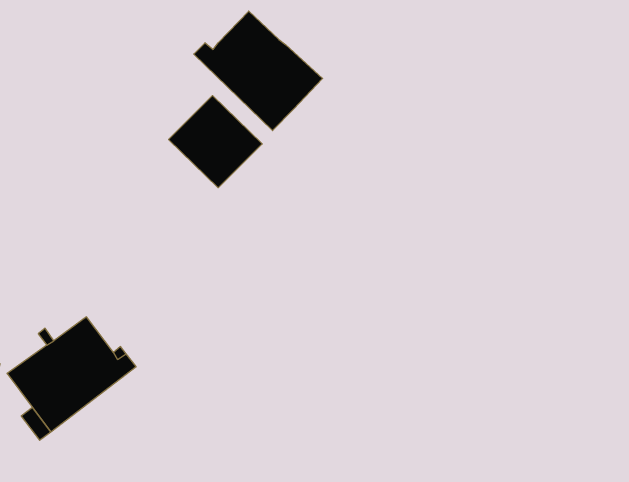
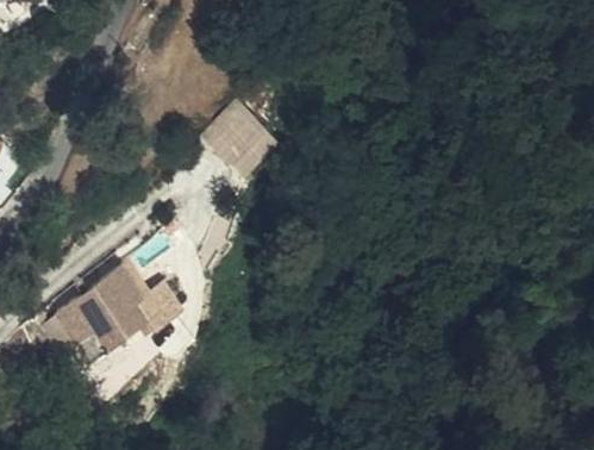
building: [194,11,323,131] -> none

